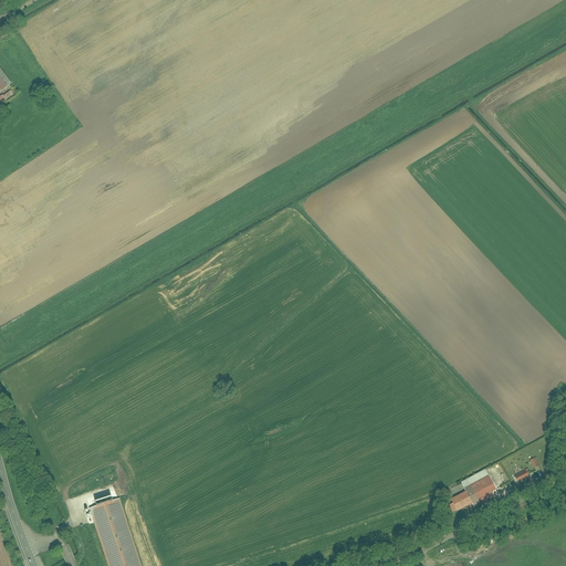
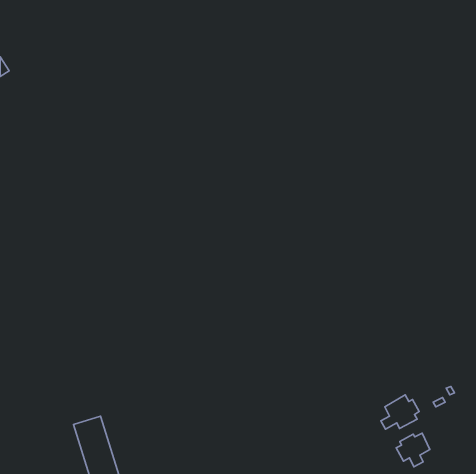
building: none -> [396,433,430,467]

